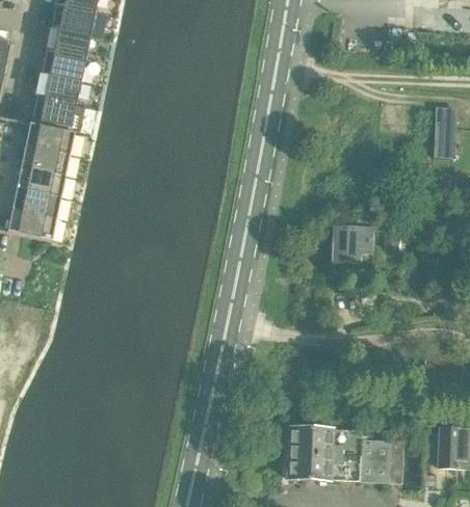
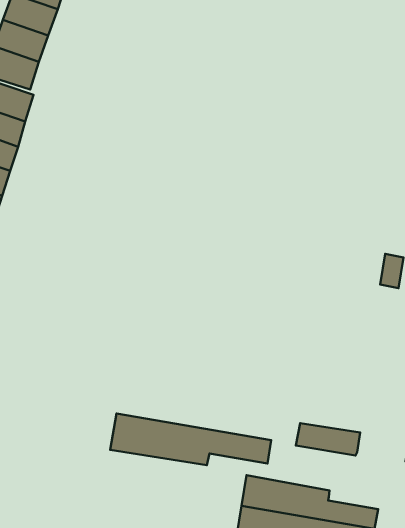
building: [332,225,371,263] -> none
building: none -> [296,423,360,456]
building: none -> [110,414,271,465]

